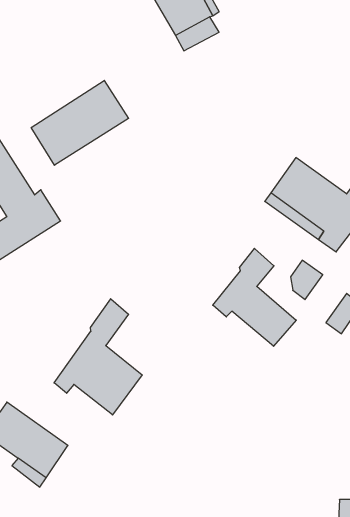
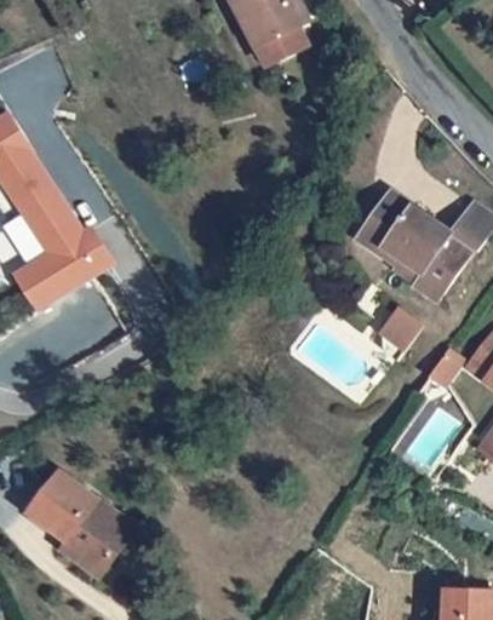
building: [31,80,129,165] -> none
building: [213,248,296,346] -> none
building: [54,299,142,415] -> none

